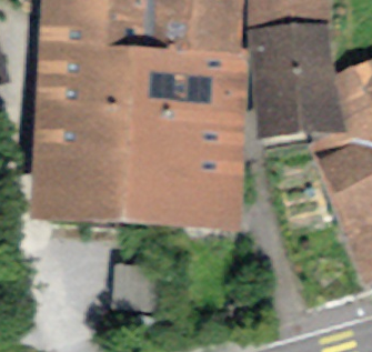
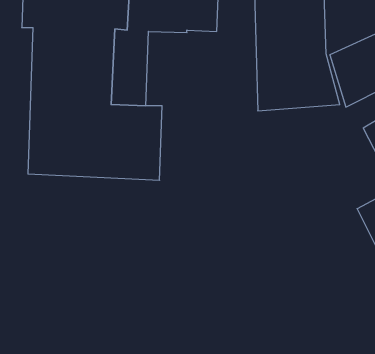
building: [153,61,223,198] -> none

